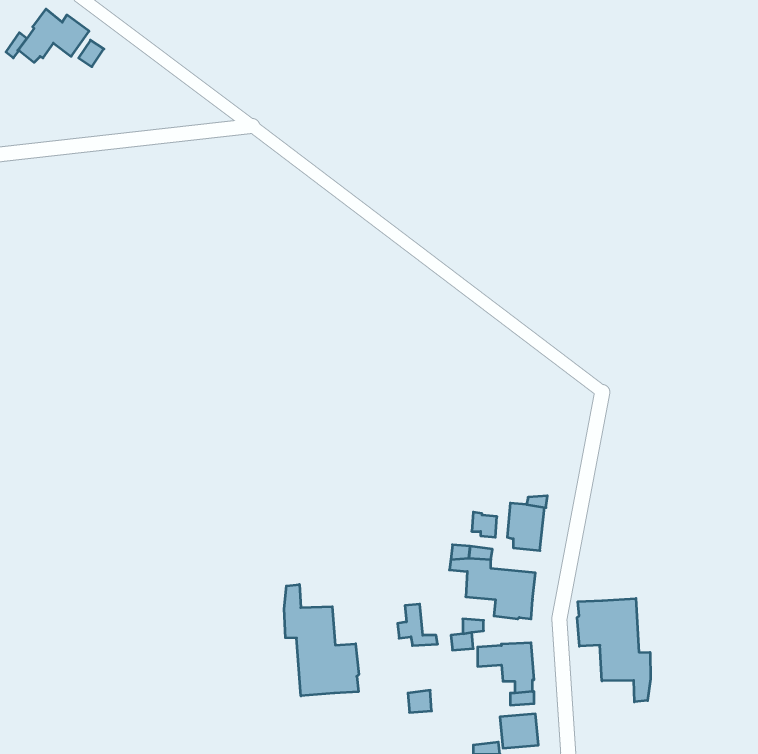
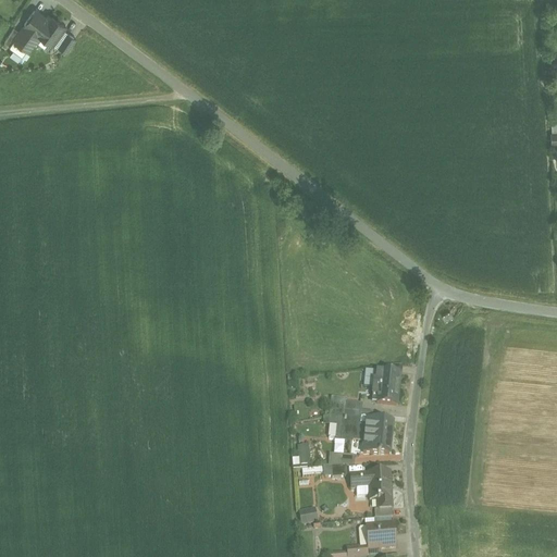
building: [284,584,359,696] -> none
building: [577,598,651,702] -> none

